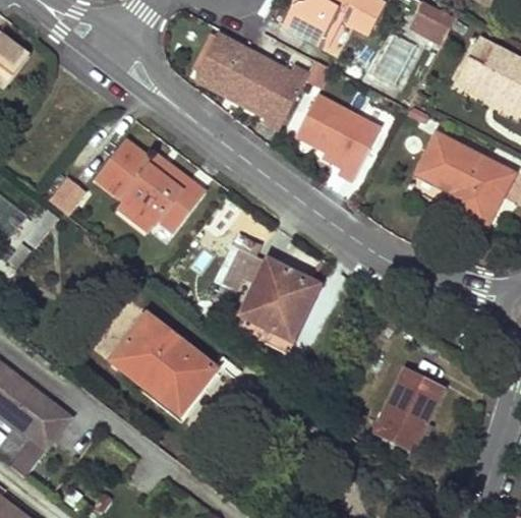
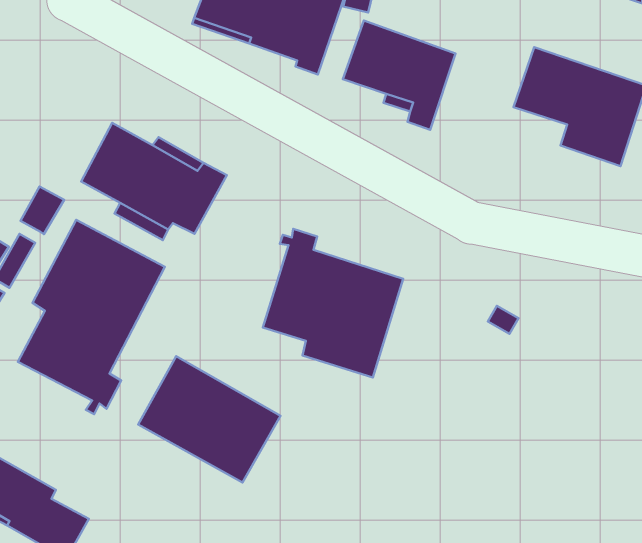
building: none -> [18,220,165,414]
building: [374,368,442,449] -> none

